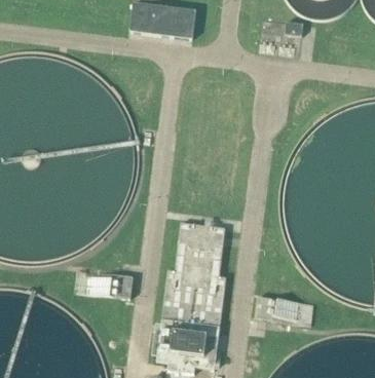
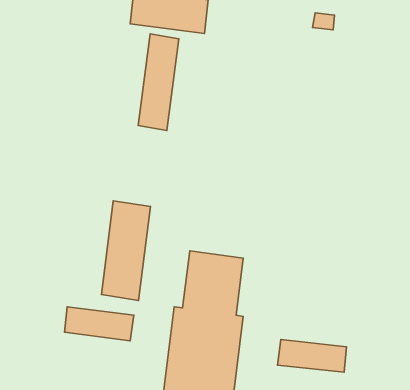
building: none -> [138,34,179,130]
building: none -> [101,201,150,300]

